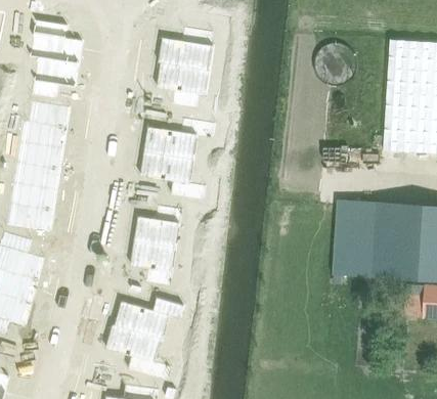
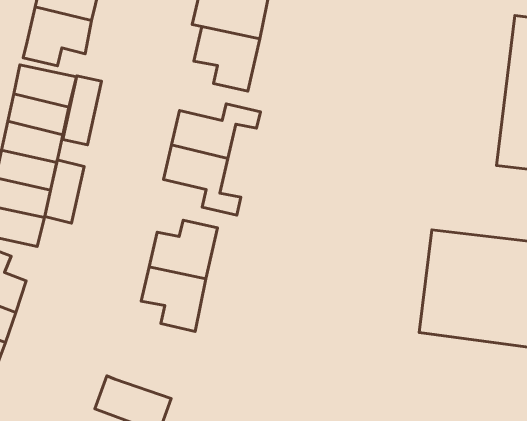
building: none -> [63,76,101,145]
building: none -> [45,160,84,223]
building: [115,297,182,337] -> none

